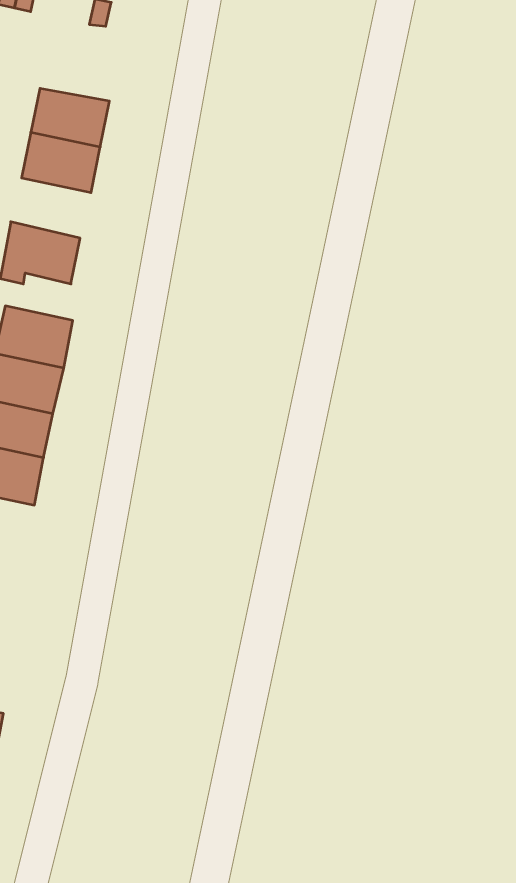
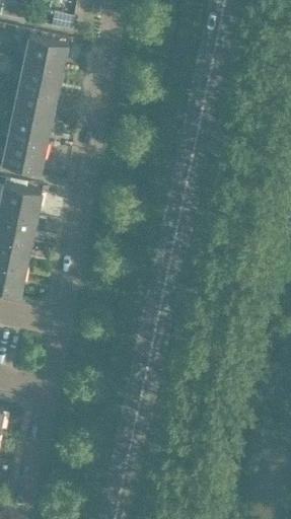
building: none -> [23,34,67,68]
building: none -> [7,110,52,144]

